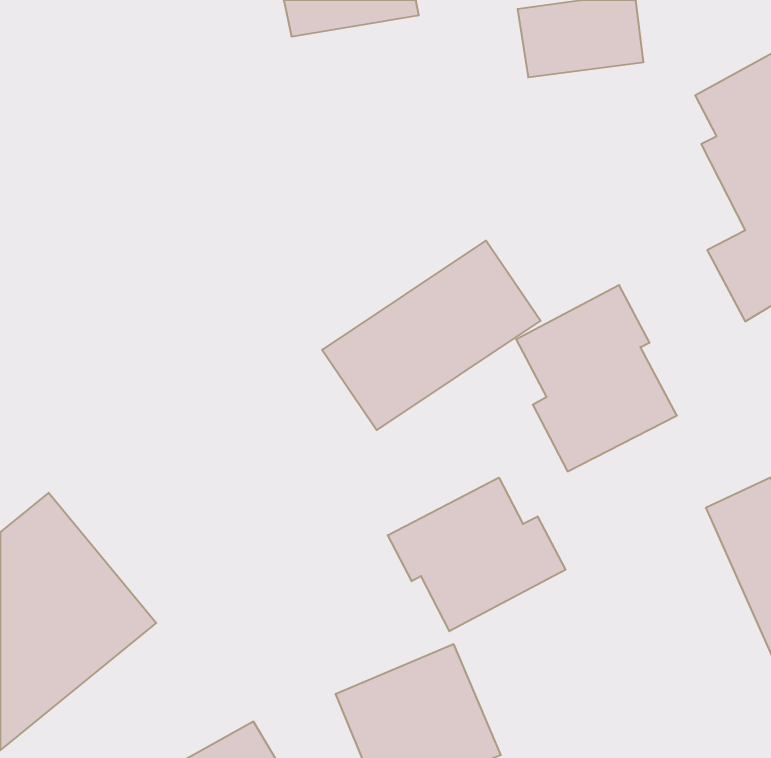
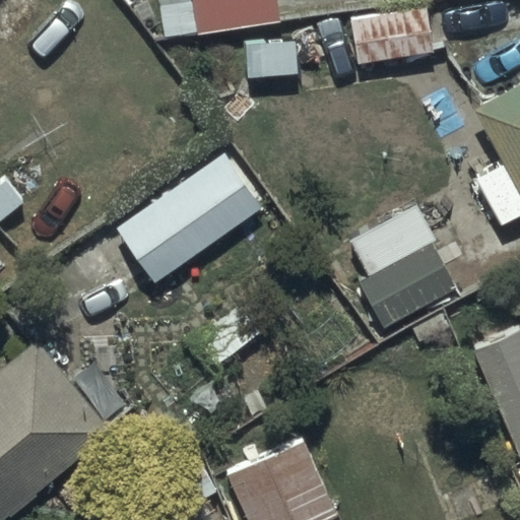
building: [322,241,541,430] -> [115,154,261,281]
building: [388,478,566,631] -> none

